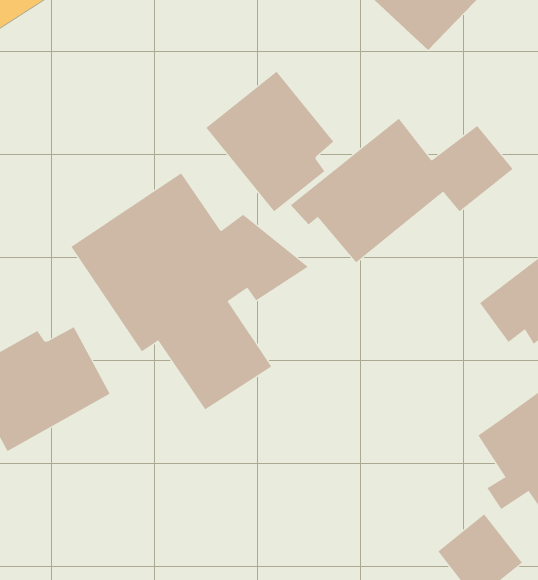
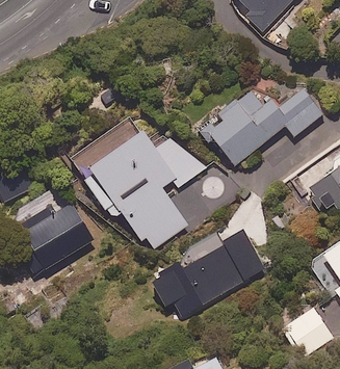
building: [206,71,334,212] -> none
building: none -> [158,231,265,315]

